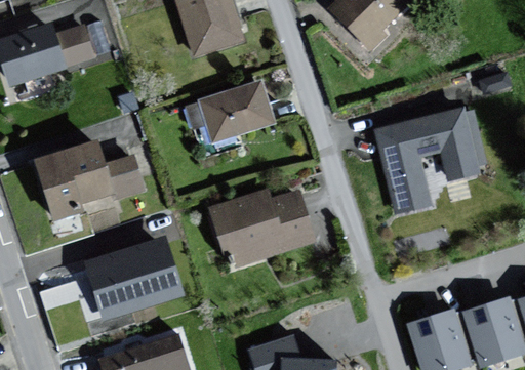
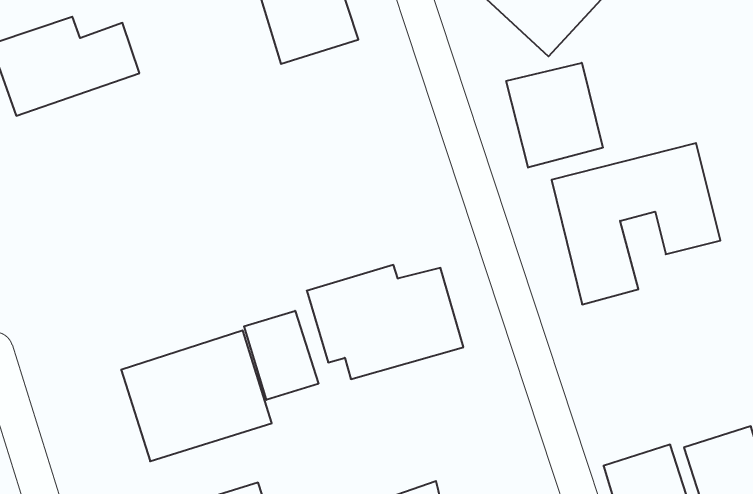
building: none -> [506,63,603,168]
building: [200,79,274,140] -> none
building: [36,140,140,218] -> none
building: none -> [244,311,318,400]

